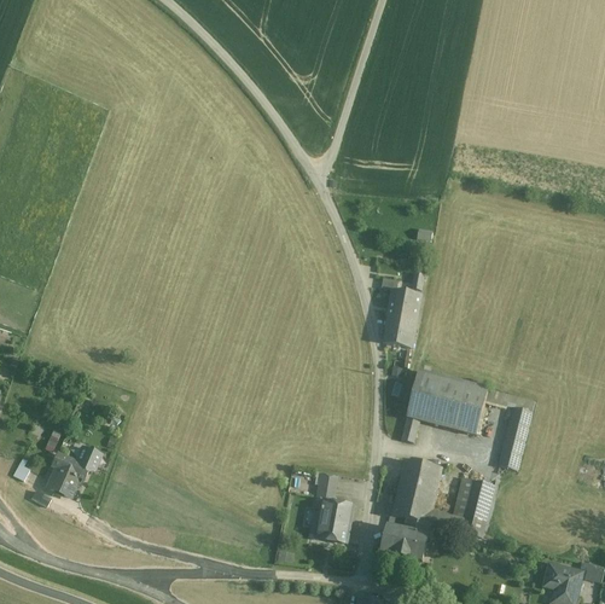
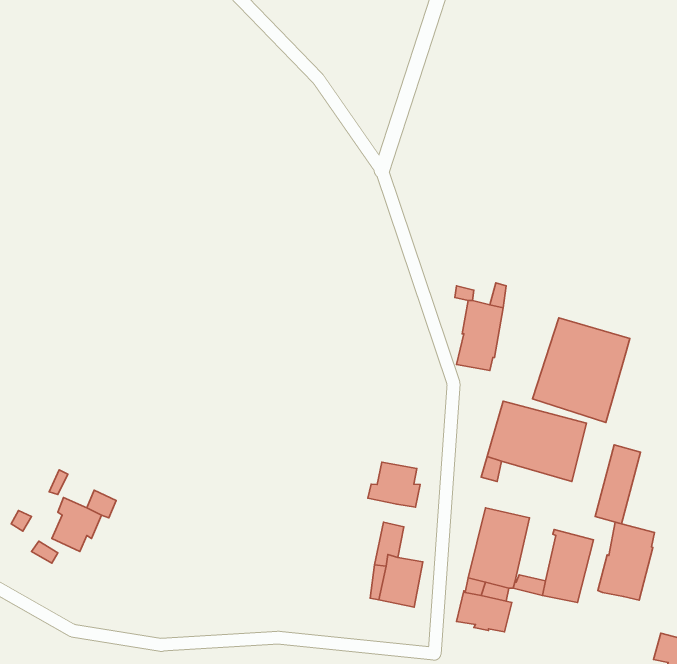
building: none -> [532,318,630,422]
building: none -> [368,462,420,507]
building: none -> [598,522,654,600]

